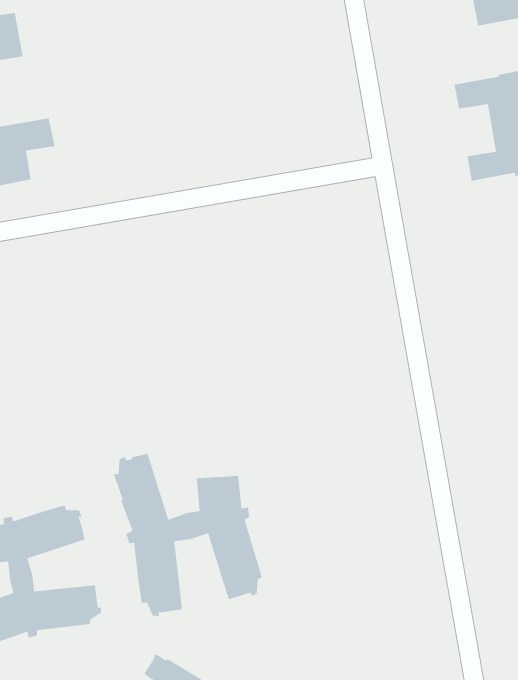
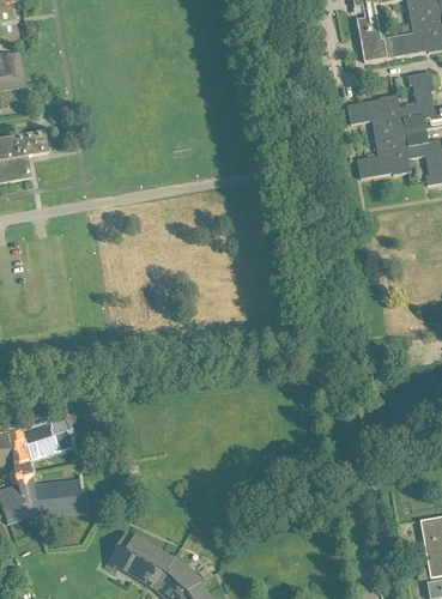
building: [113,453,263,617] -> none

